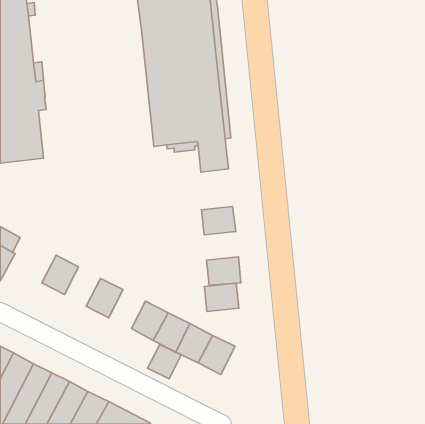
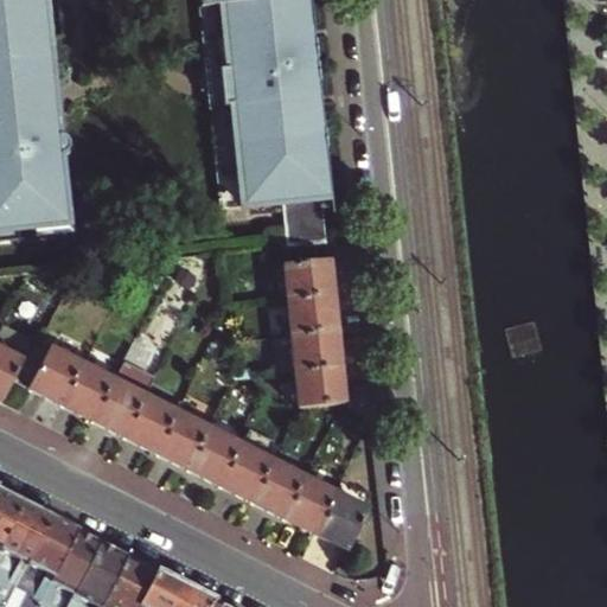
building: none -> [286,258,333,298]
building: none -> [30,345,83,401]
building: none -> [95,357,156,434]
building: [204,283,239,311] -> [293,328,341,369]
building: none -> [158,410,210,466]
building: [148,344,181,379] -> none
building: none -> [317,491,370,548]

